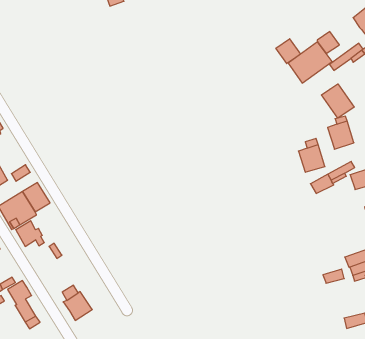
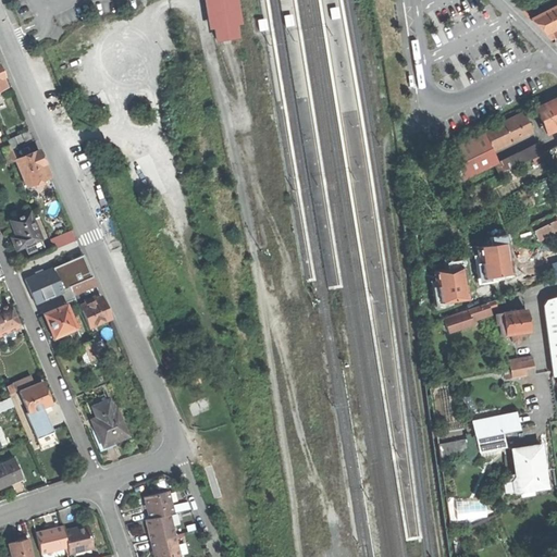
building: none -> [503,111,532,140]
building: [276,39,300,64] -> none
building: [321,84,354,118] -> none
building: none -> [82,297,110,327]

